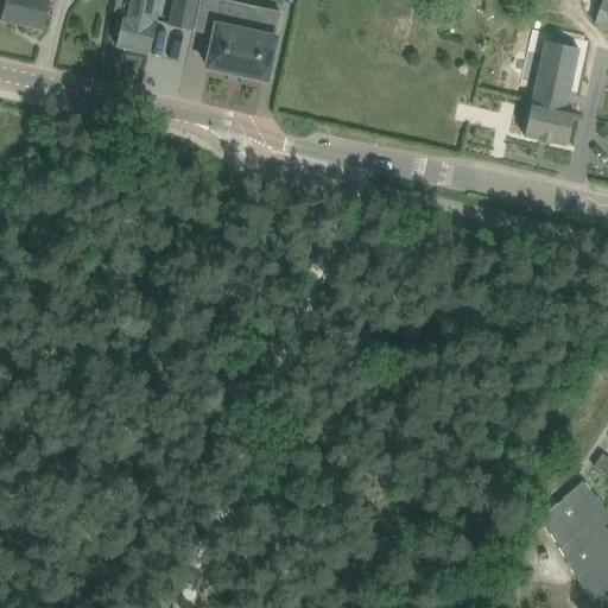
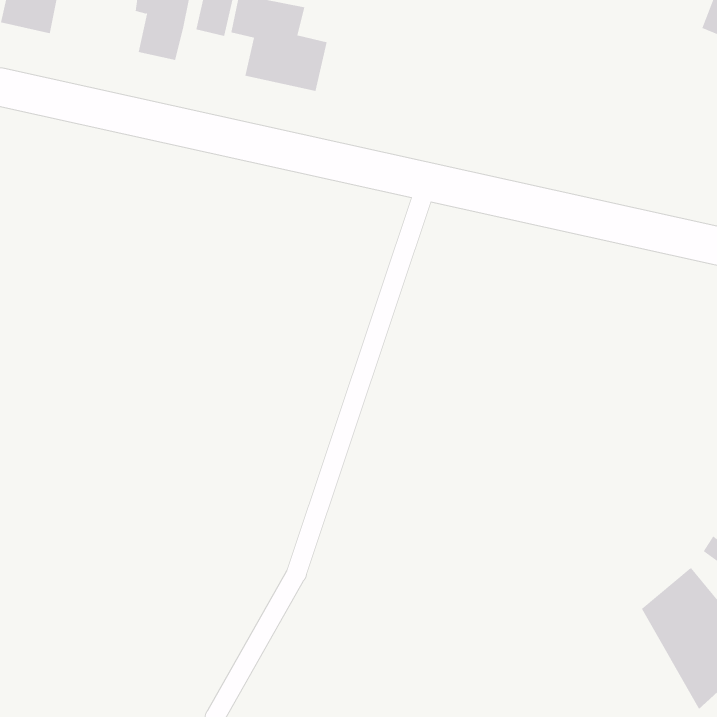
building: [525,40,581,144] -> none

